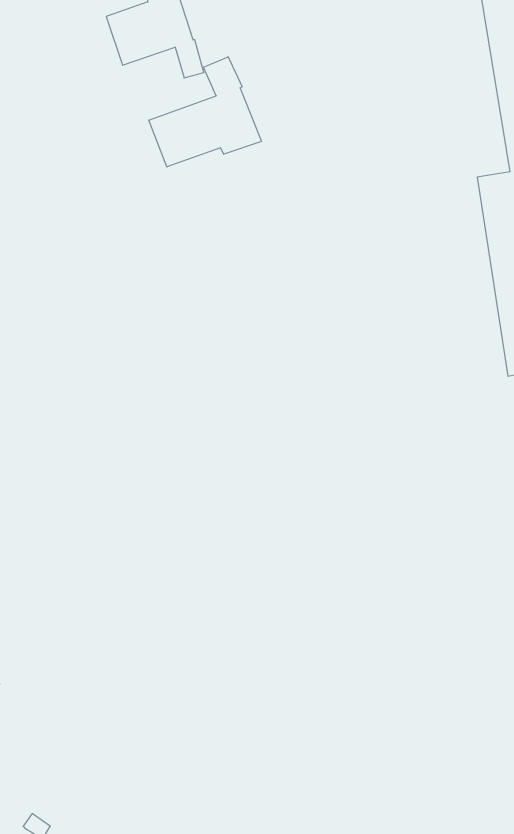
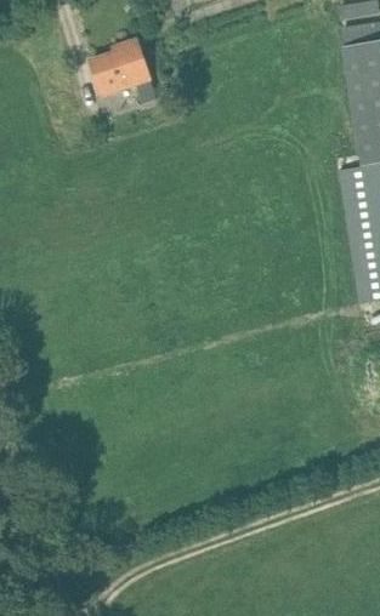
building: [149,57,261,167] -> none

